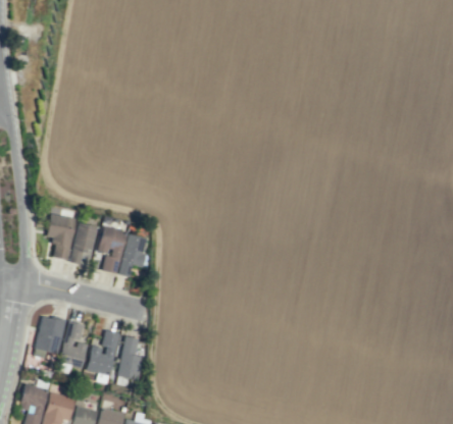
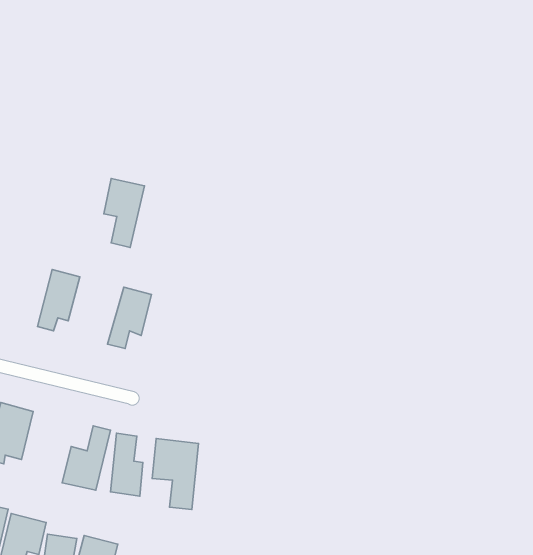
building: [47,213,75,259] -> none
building: [98,225,127,273] -> [104,179,145,247]
building: [58,320,87,367] -> none
building: none -> [152,438,198,509]

